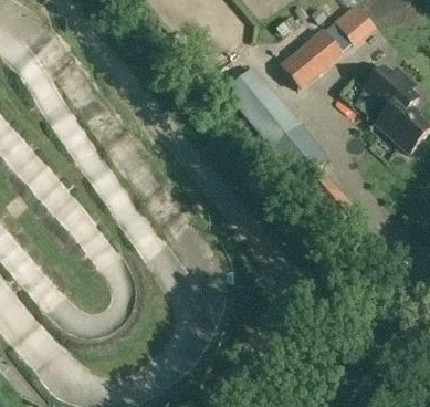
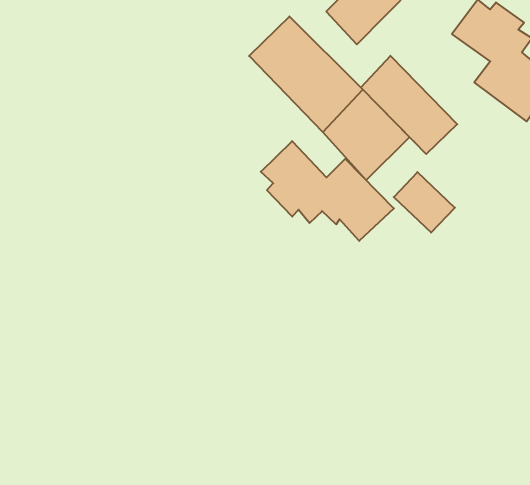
building: none -> [361,56,457,154]
building: none -> [261,141,394,241]

